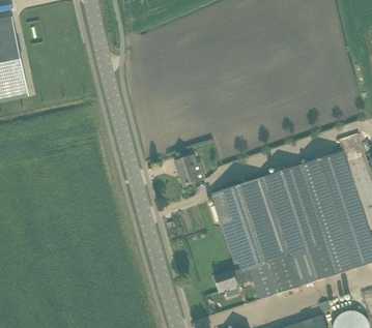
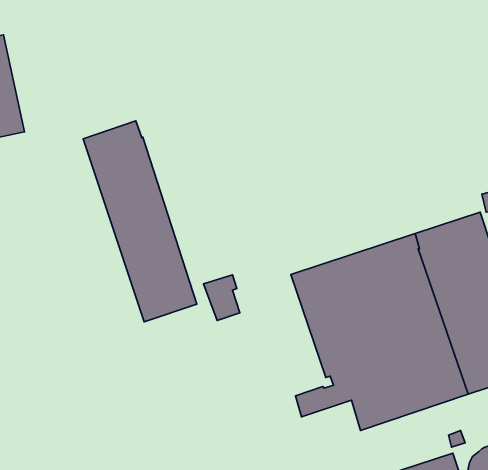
building: none -> [83,121,197,322]
building: [173,154,198,185] -> [204,275,240,320]

